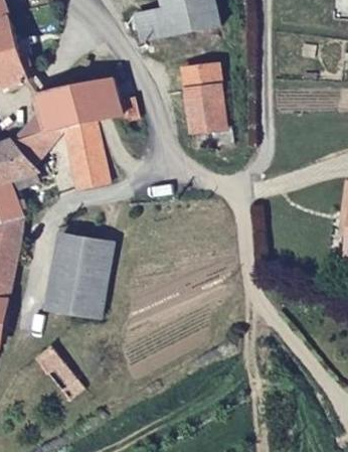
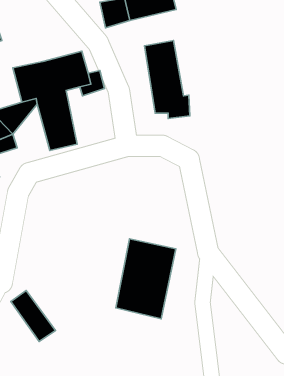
building: [48,227,115,315] -> [116,239,176,319]

